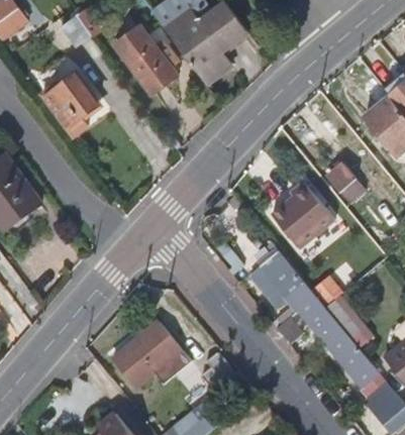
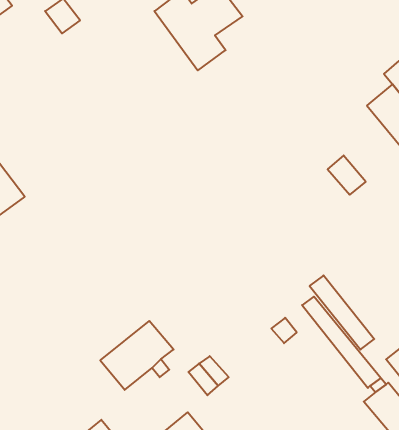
building: [116,26,179,96] -> none
building: [41,75,98,128] -> none
building: [273,181,335,248] -> none
building: [260,257,315,310] -> none

